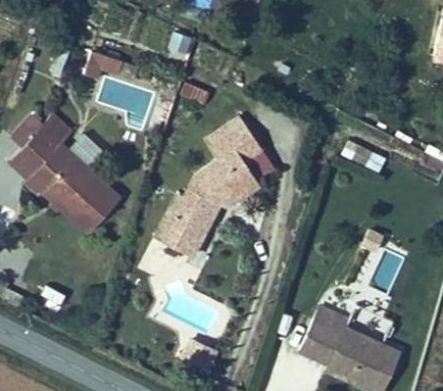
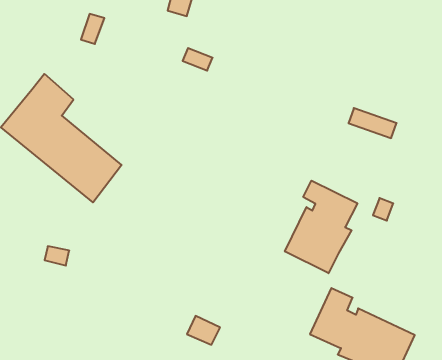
building: [155,113,260,252] -> none
building: none -> [285,181,357,273]

